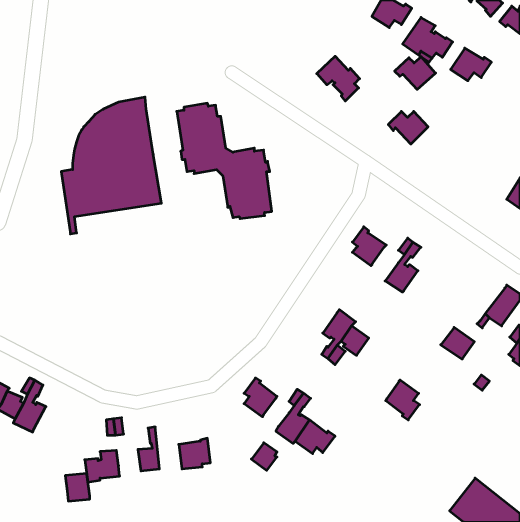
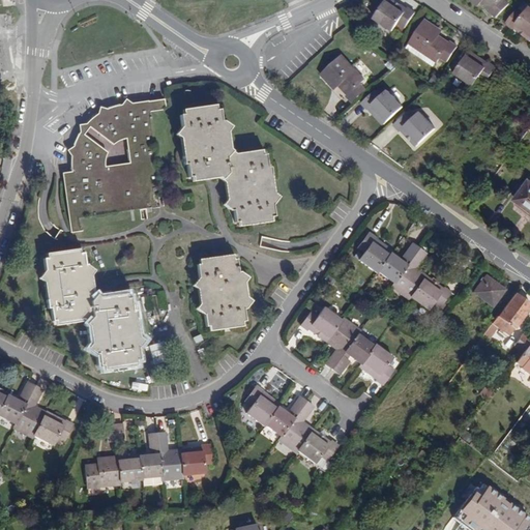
building: [395,57,436,89] -> [360,90,402,123]
building: none -> [43,251,141,369]
building: none -> [377,251,404,281]
building: none -> [196,256,244,326]
building: none -> [409,274,449,307]
building: none -> [301,303,342,337]
building: [441,327,474,359] -> [466,276,500,308]
building: [386,380,420,420] -> [360,342,394,382]
building: none -> [34,412,75,445]
building: none -> [157,432,184,480]
building: [251,443,277,470] -> [267,404,293,432]
building: [65,474,90,501] -> [118,454,143,482]

